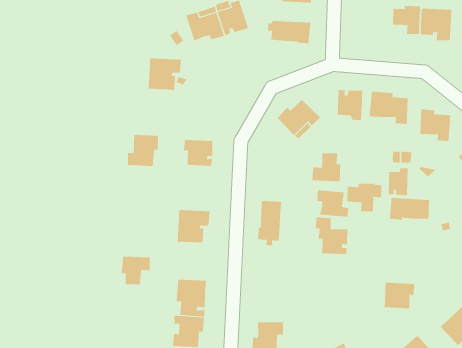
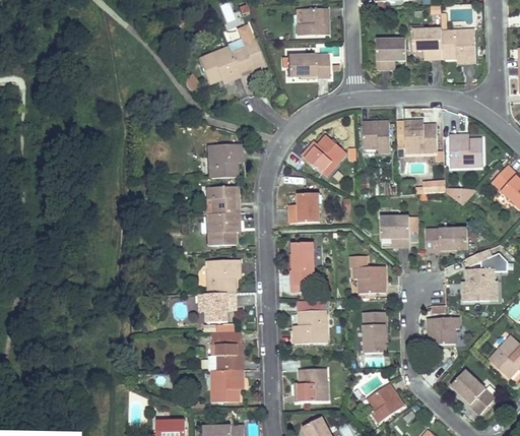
building: none -> [376,39,405,68]
building: [148,58,182,90] -> [207,143,241,177]
building: [127,134,159,166] -> [206,211,239,245]
building: [311,153,341,182] -> [288,192,319,223]
building: [388,167,408,196] -> none
building: [317,190,348,218] -> none
building: none -> [461,268,494,301]
building: [121,256,151,285] -> [205,292,236,322]
building: none -> [292,309,326,344]
building: none -> [363,311,386,353]

